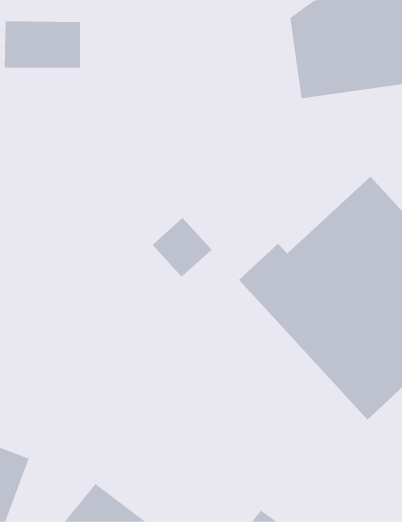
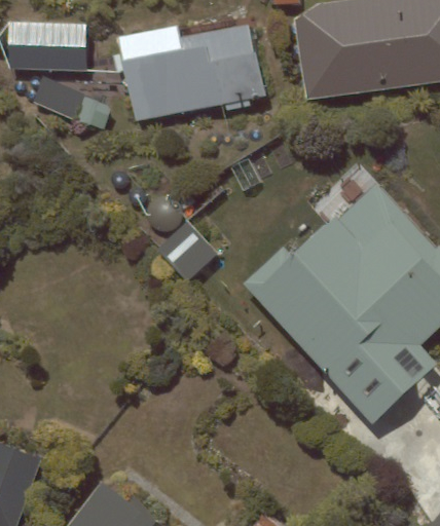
building: none -> [118,24,263,121]

